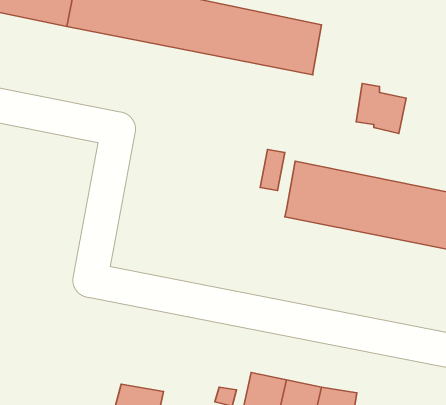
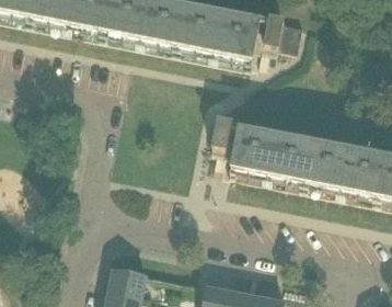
building: [356,84,406,133] -> [264,12,301,49]
building: none -> [108,262,146,294]

